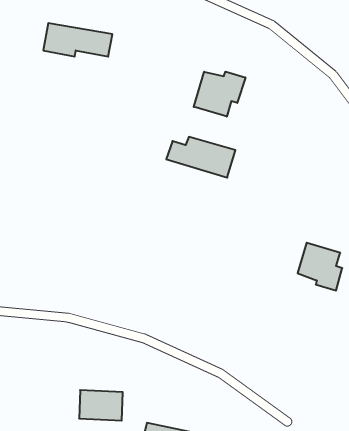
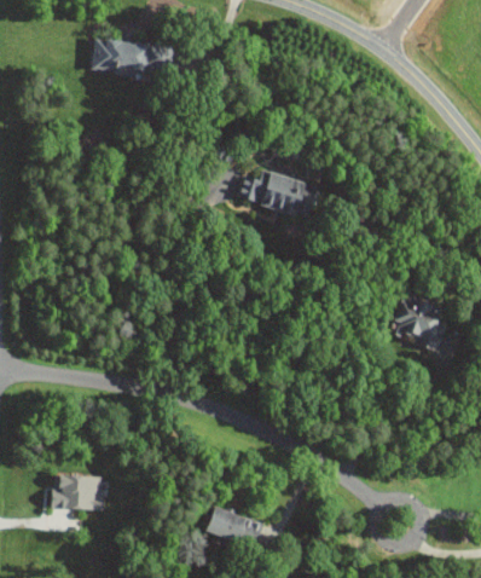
building: [194,72,245,117] -> none
building: [79,390,123,421] -> [52,474,104,510]

